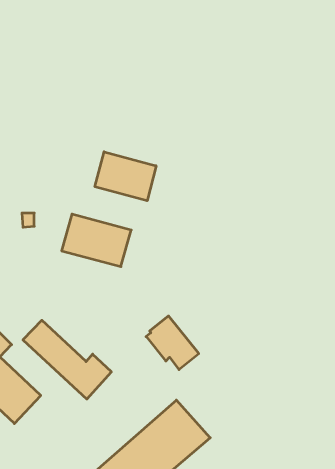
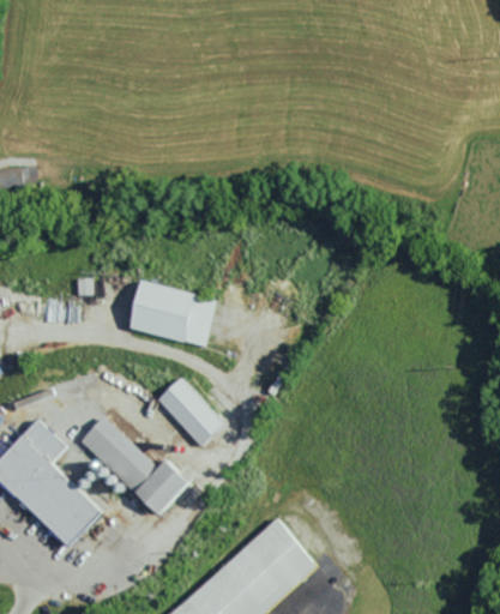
building: [95,152,156,201] -> none
building: [146,316,199,370] -> [163,377,230,445]

